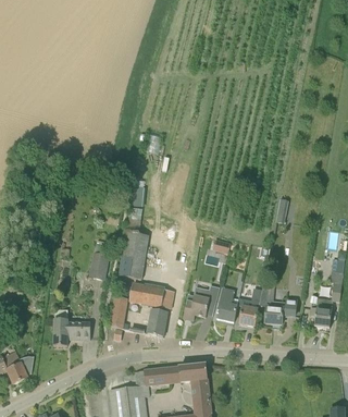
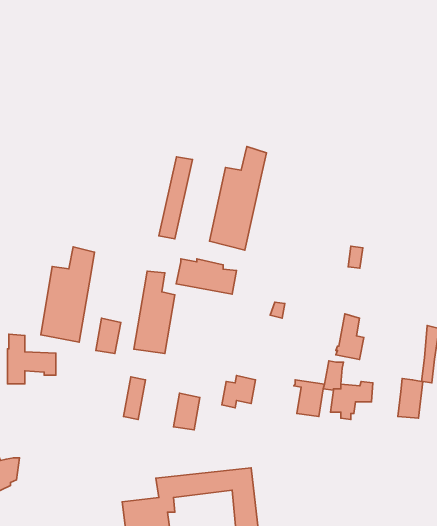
building: none -> [210,146,266,250]
building: none -> [41,247,95,342]
building: [128,282,173,308] -> [176,259,236,294]
building: [215,287,236,321] -> [336,314,364,359]
building: [53,308,89,345] -> [7,334,56,384]

